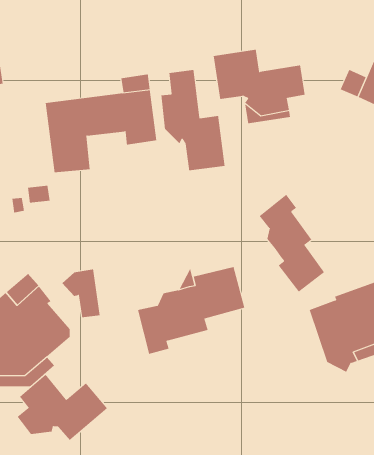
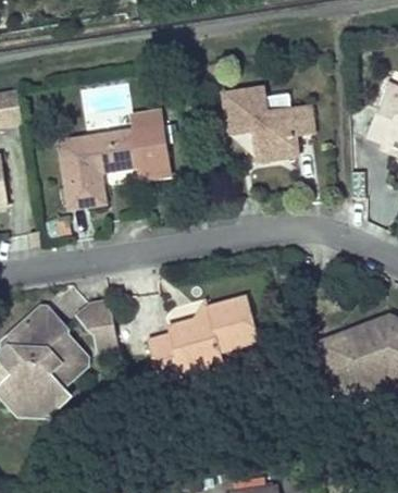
building: [161,69,225,171] -> none
building: [259,194,325,293] -> none
building: [17,374,108,441] -> none

